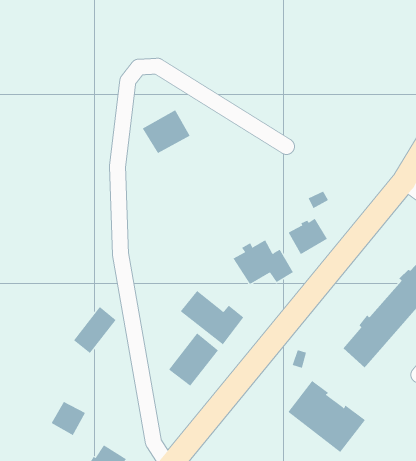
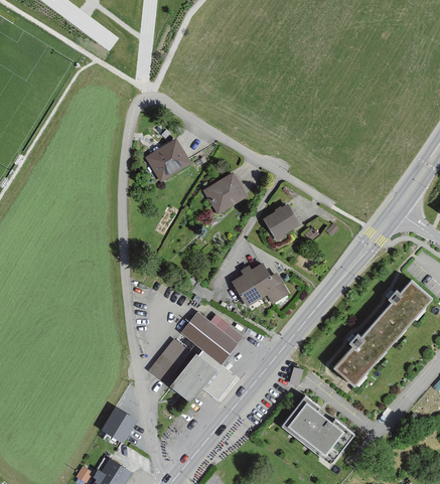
building: none -> [201,172,247,215]
building: [288,218,328,255] -> [262,204,300,239]
building: [73,306,116,354] -> [147,338,188,383]
building: [51,401,86,436] -> [101,409,134,442]

